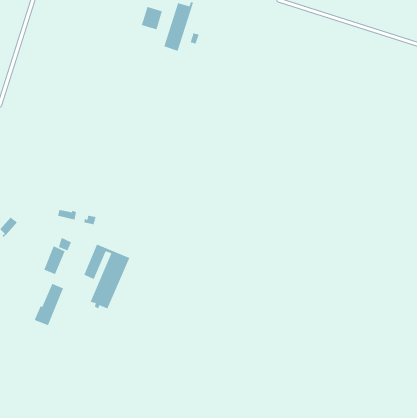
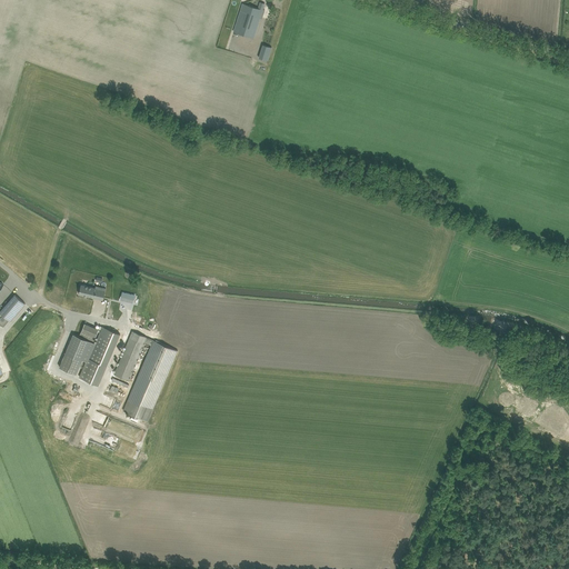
building: [141,6,163,30] -> none
building: [34,283,64,326] -> [78,327,119,385]

